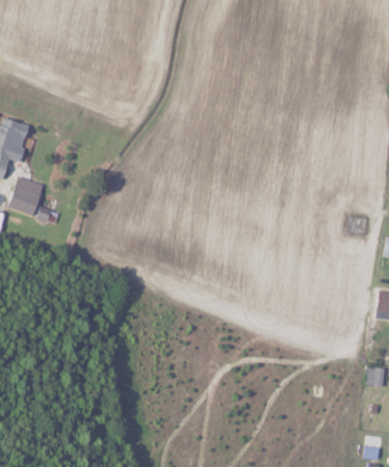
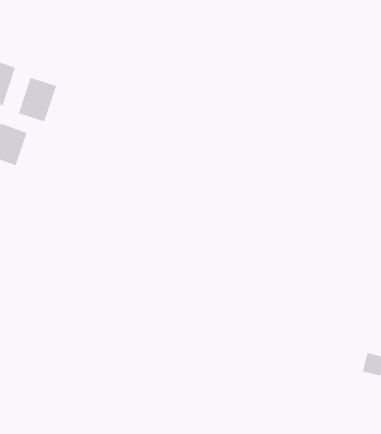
building: none -> [18,77,57,122]

